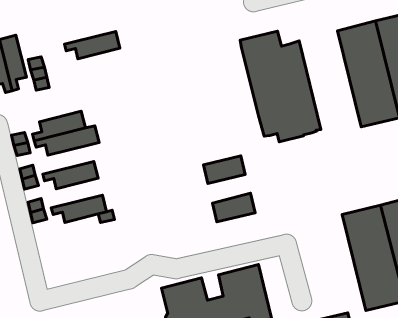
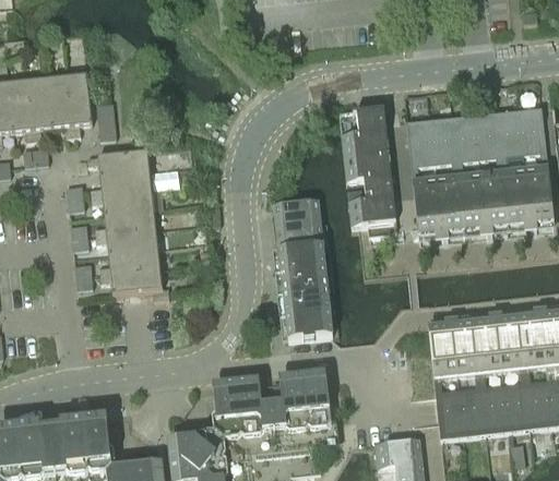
building: none -> [406,117,463,235]
building: [64,31,120,59] -> [86,148,148,173]
building: none -> [273,197,322,248]
building: none -> [94,207,155,233]
building: none -> [281,265,328,292]
building: none -> [98,246,159,273]
building: none -> [285,310,332,337]

